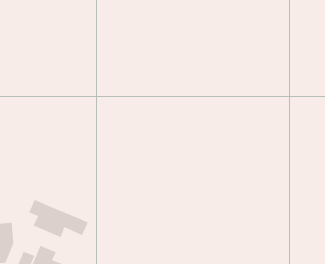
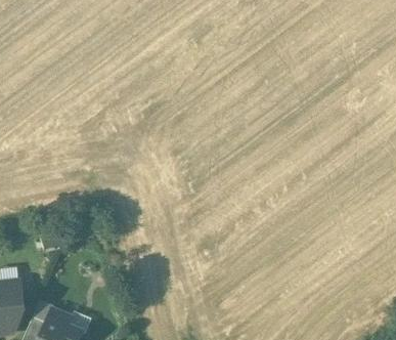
building: [28,199,89,238] -> none

